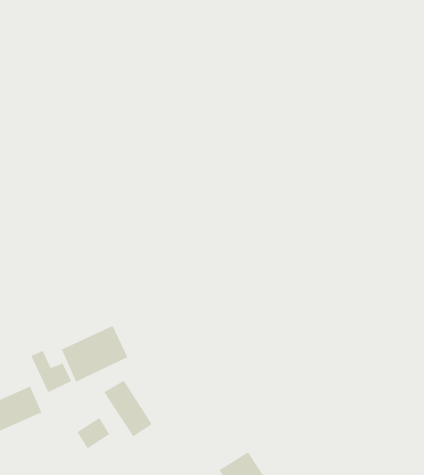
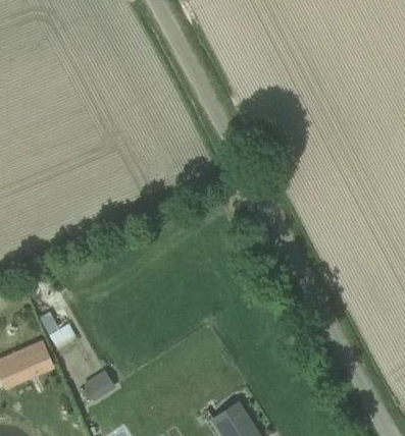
building: [61,325,128,382] -> none
building: [104,380,152,437] -> none

